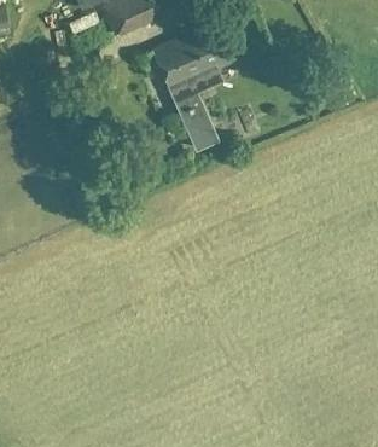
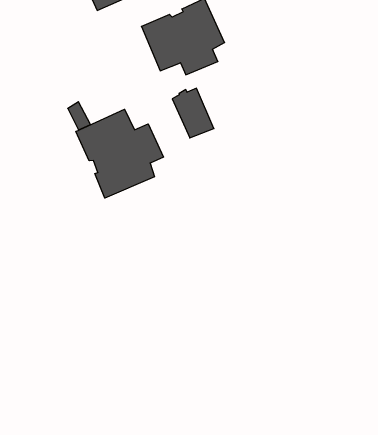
building: none -> [76,109,163,198]

